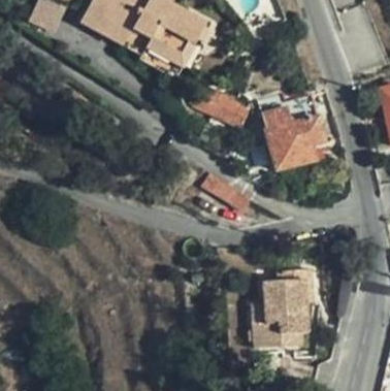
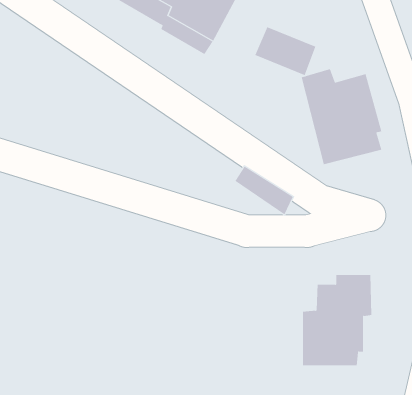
building: [200,85,252,126] -> [255,27,316,76]

